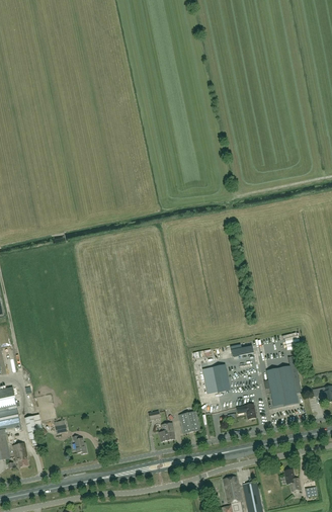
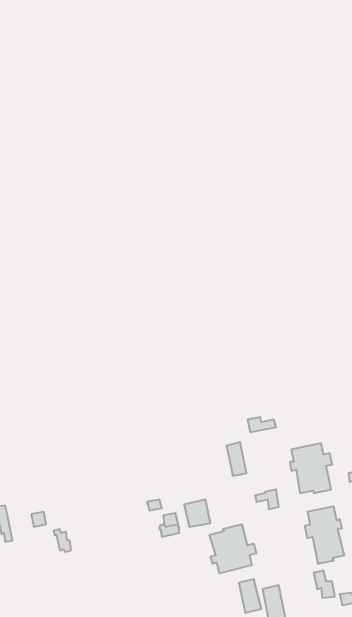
building: none -> [305,506,344,564]
building: none -> [210,524,256,573]

